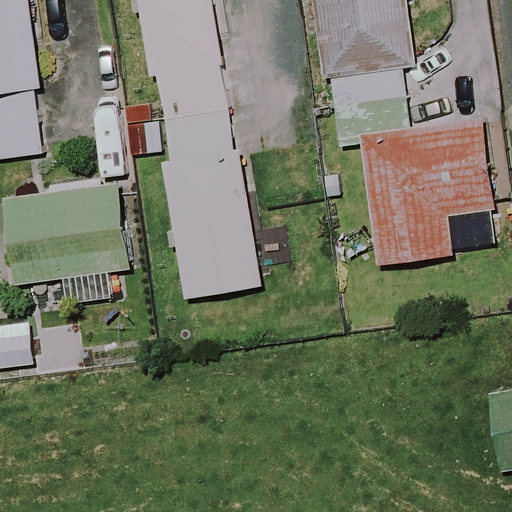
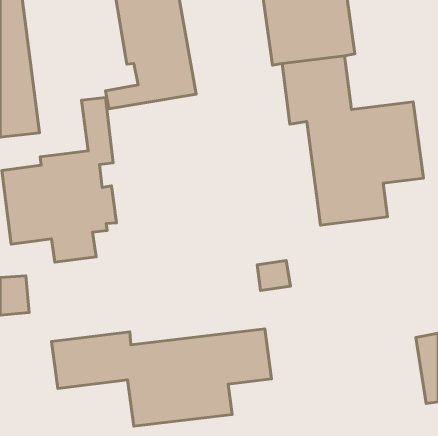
building: [160,110,287,298] -> none
building: none -> [51,329,271,426]

